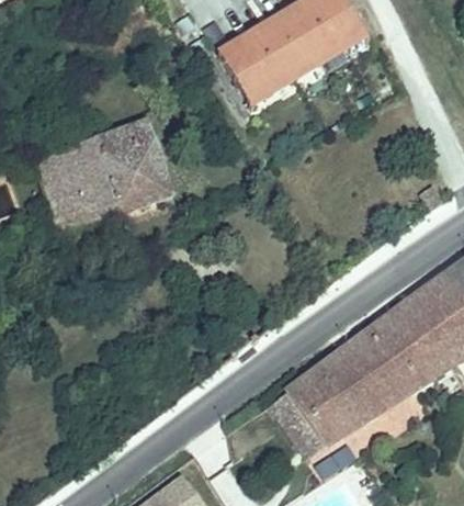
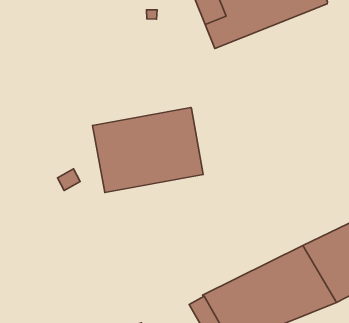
building: [38,120,172,232] -> [93,108,203,192]

